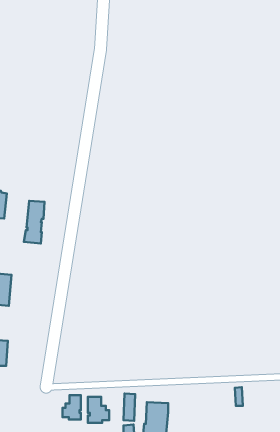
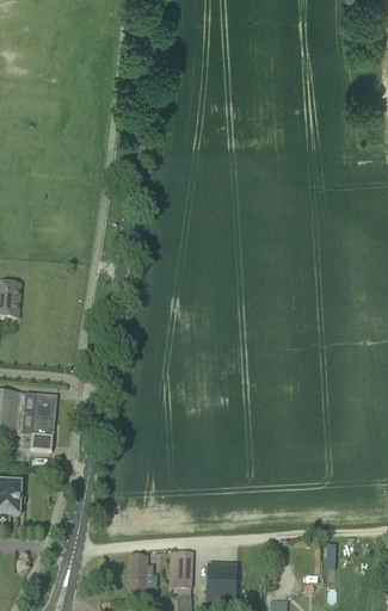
building: [24,201,44,244] -> [27,393,55,450]
building: [63,395,81,420] -> none

